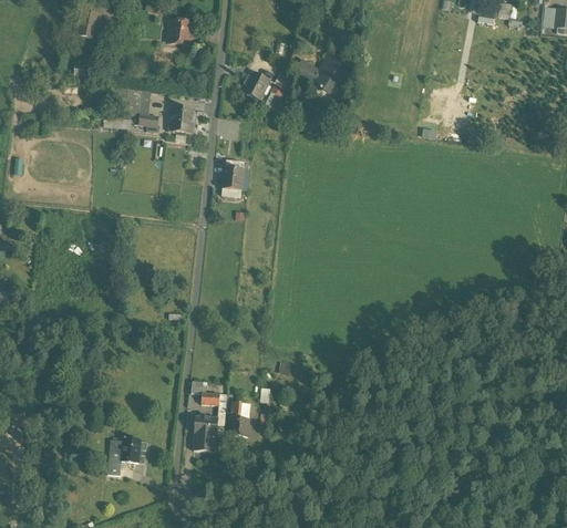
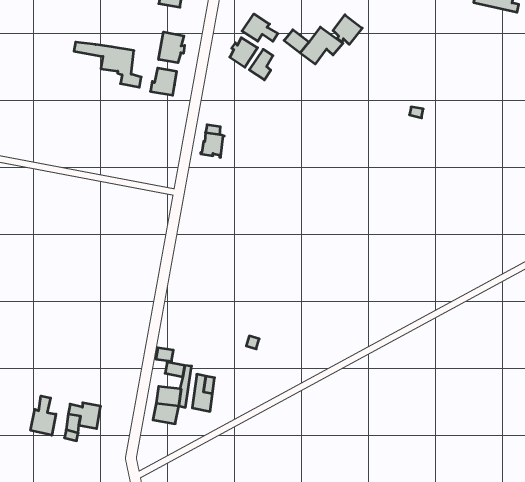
building: none -> [333,15,362,44]
building: none -> [242,14,278,41]
building: none -> [159,32,185,63]
building: none -> [31,396,56,435]

